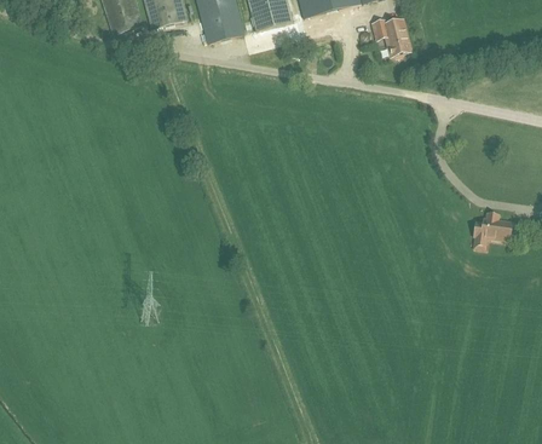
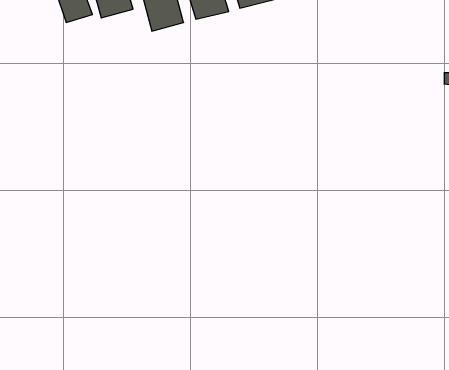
building: [374,18,411,56] -> none
building: [473,212,512,248] -> none

